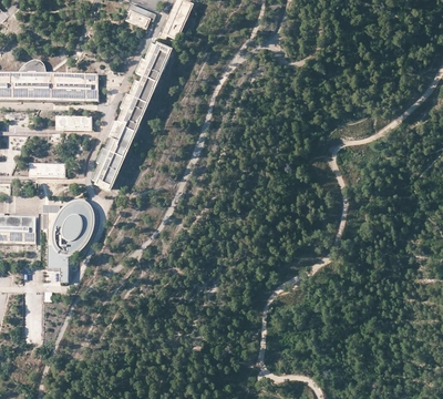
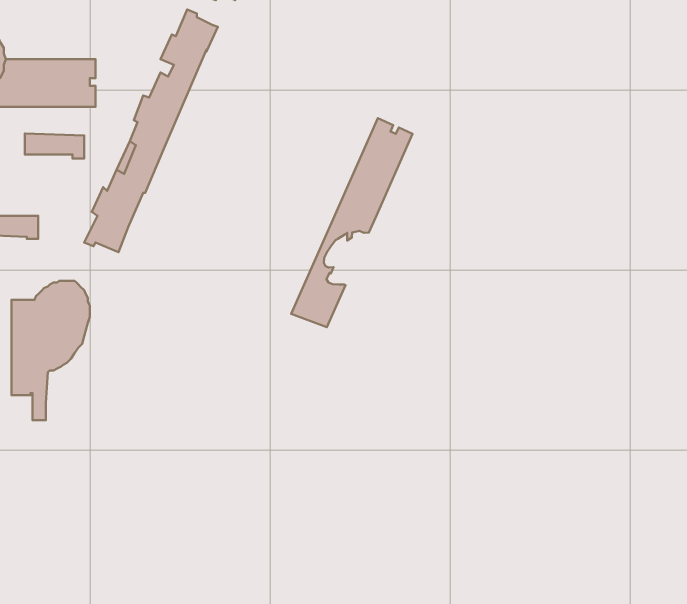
building: none -> [291,118,413,327]

